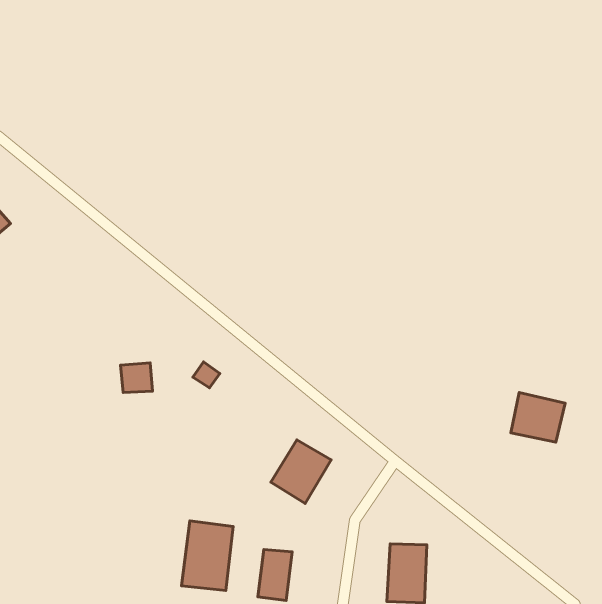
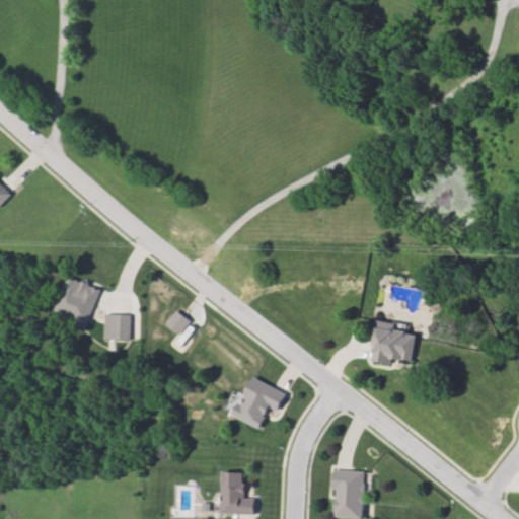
building: none -> [55,277,99,322]
building: [511,393,565,442] -> [369,325,416,368]
building: [182,521,233,590] -> none

